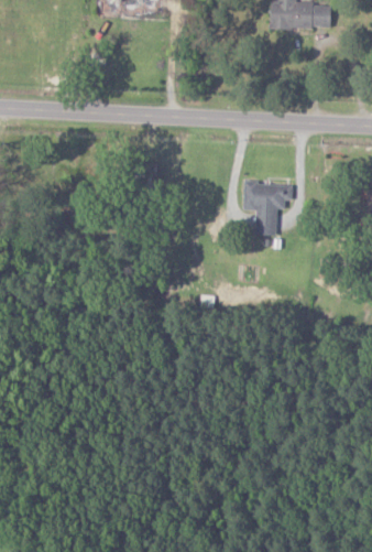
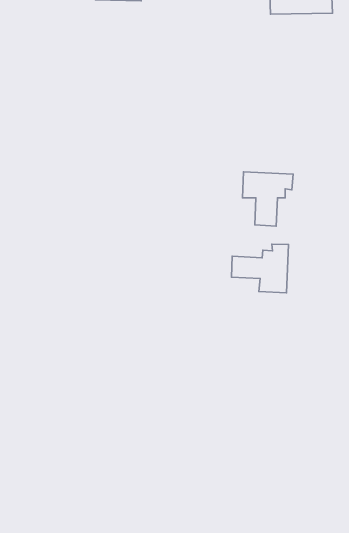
building: none -> [231,244,289,293]

